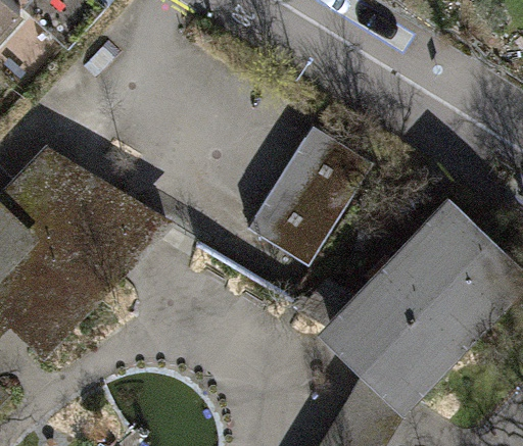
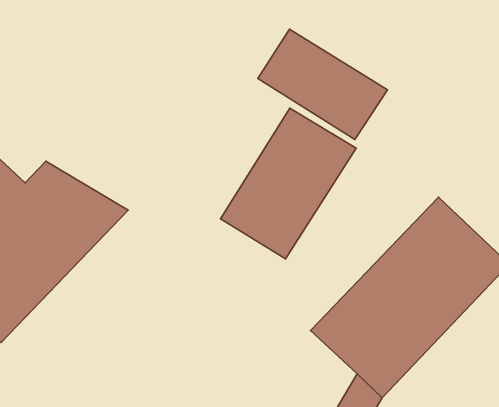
building: none -> [258,29,387,139]

